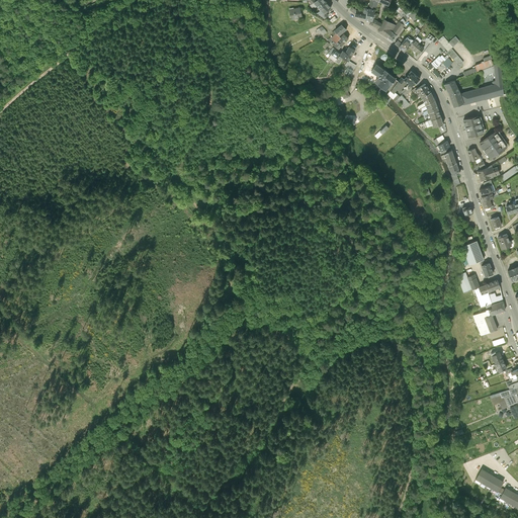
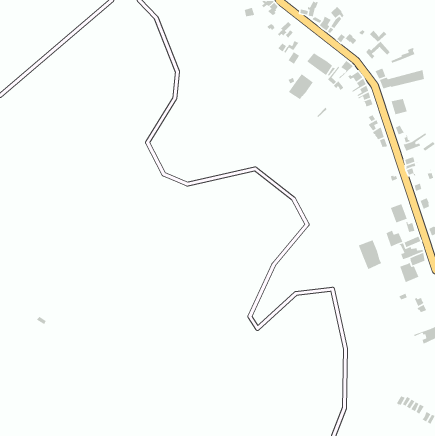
building: none -> [288,73,314,100]
building: [481,131,508,158] -> none
building: none -> [358,239,382,270]

